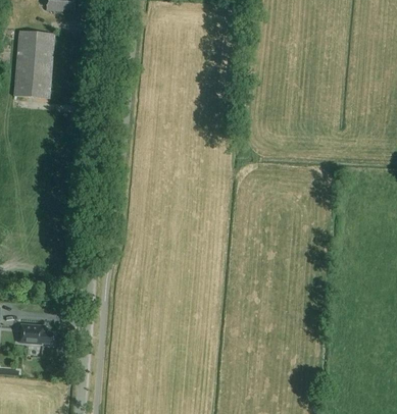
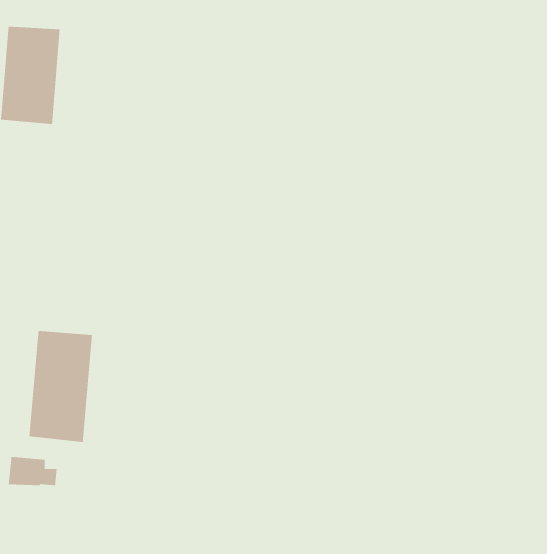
building: none -> [29,330,93,443]

